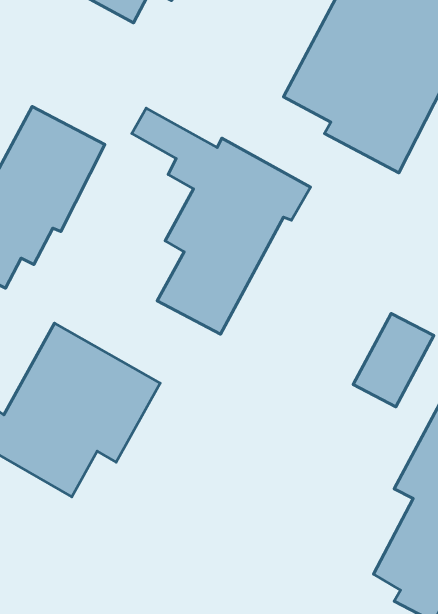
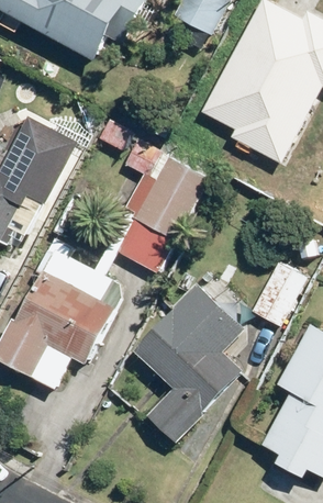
building: none -> [131,281,240,445]

